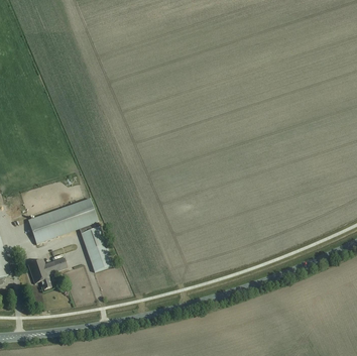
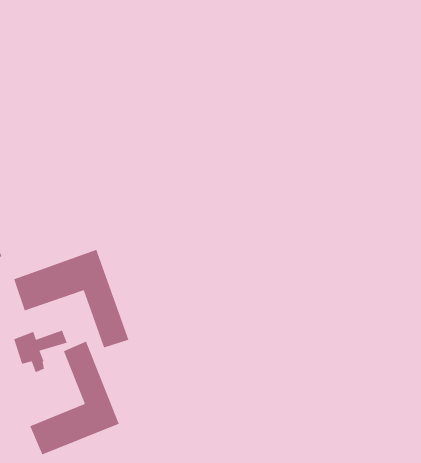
building: none -> [29,341,120,455]

